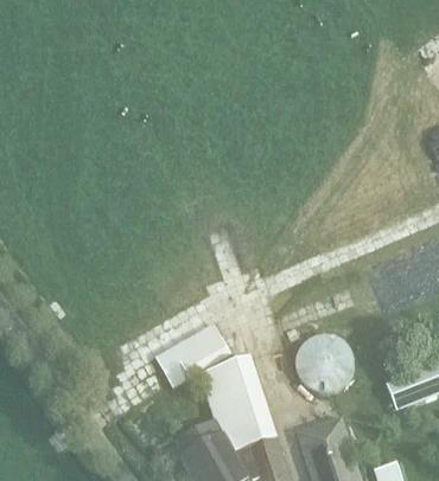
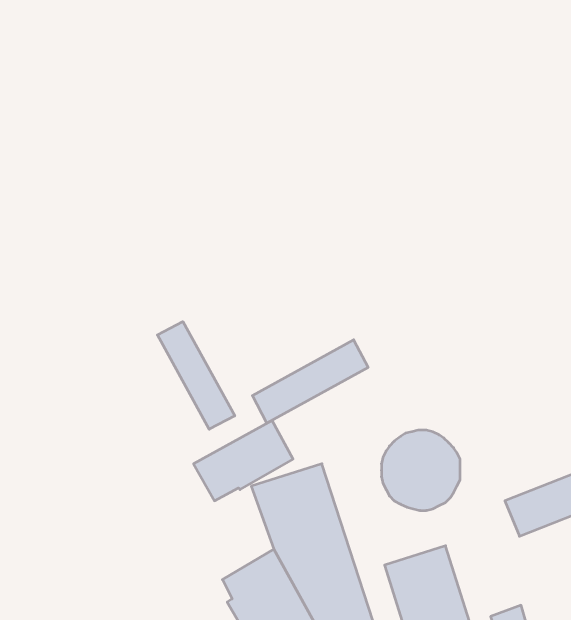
building: none -> [157,322,235,429]
building: none -> [252,340,368,423]

